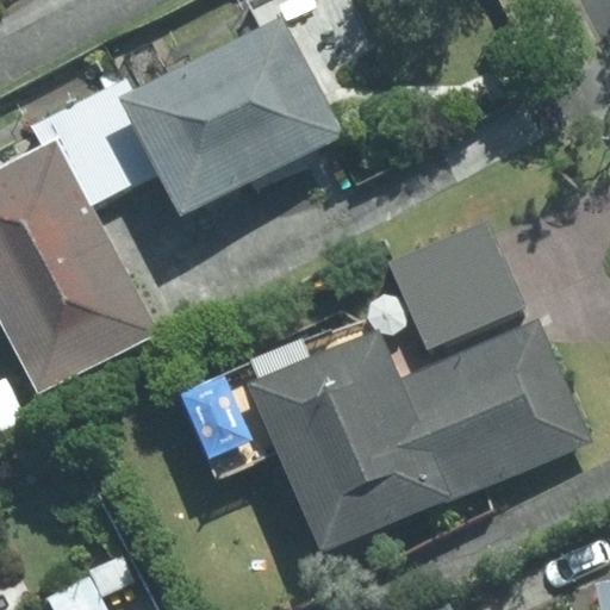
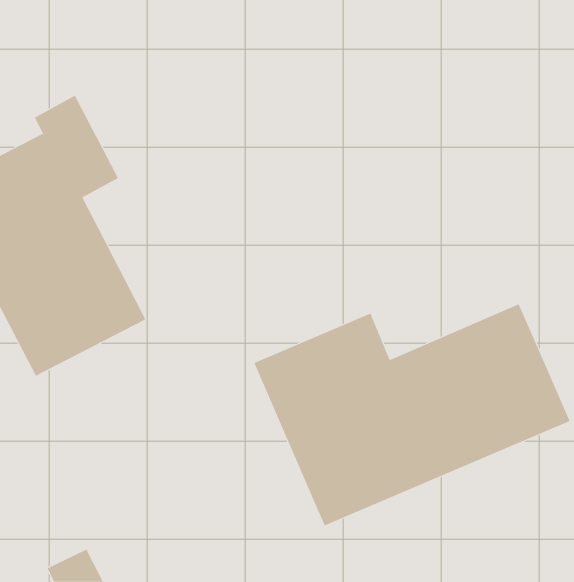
building: [79,14,341,217] -> none
building: [381,220,518,351] -> none

